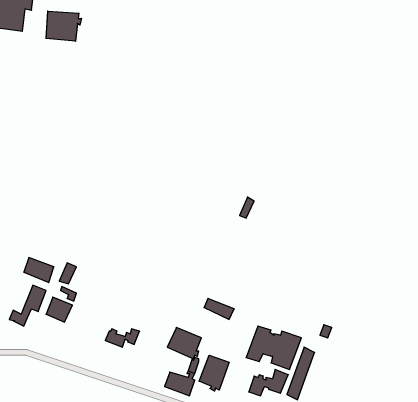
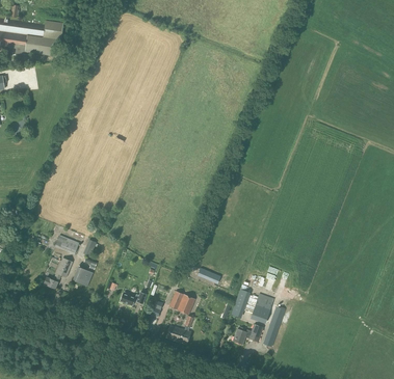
building: [46,11,81,41] -> none
building: [199,355,229,391] -> none

